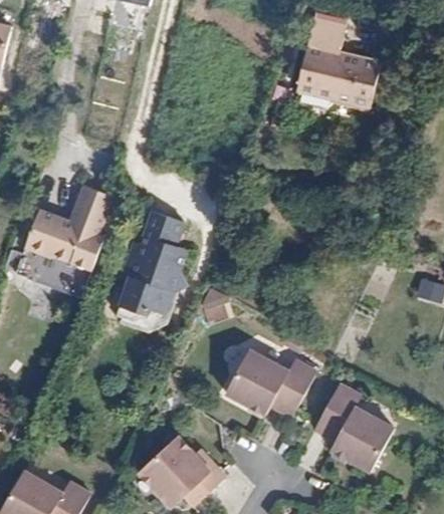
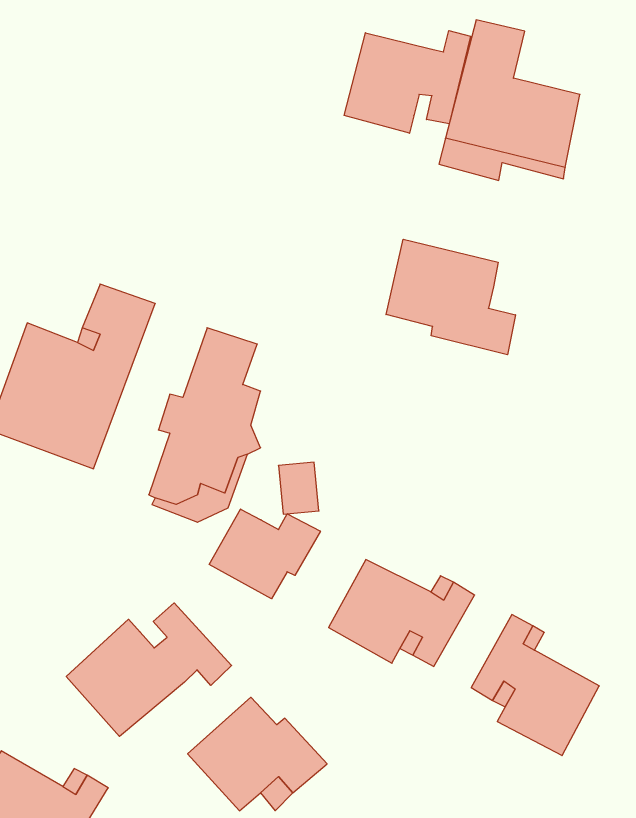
building: none -> [344,31,470,133]
building: none -> [386,239,515,355]
building: none -> [209,509,320,599]
building: none -> [66,603,232,736]

